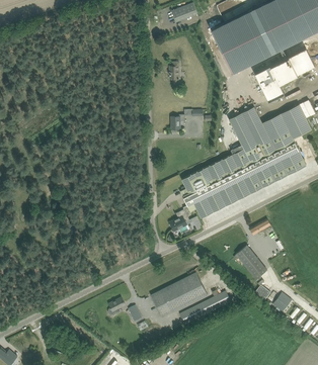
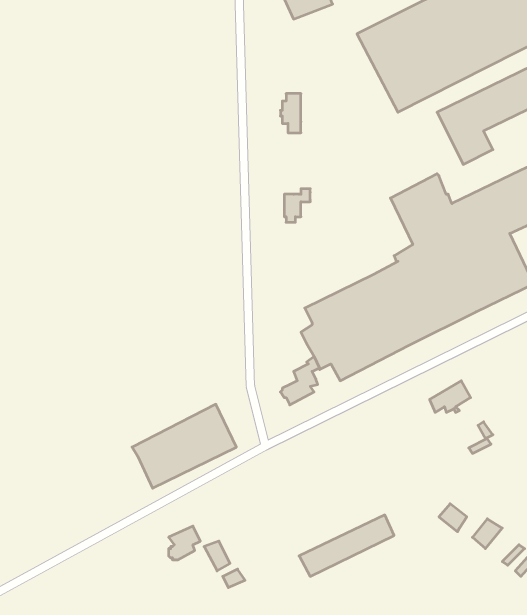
building: [234,246,266,279] -> none
building: [151,272,208,317] -> [132,404,236,488]

